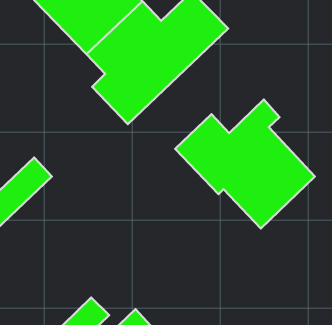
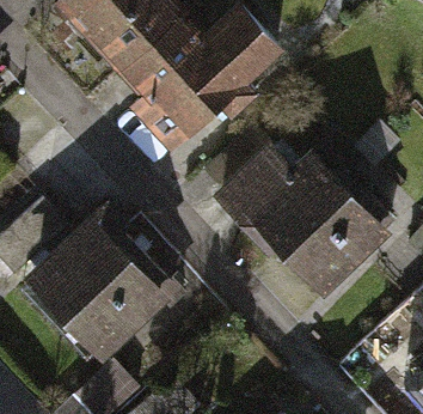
building: none -> [24,223,168,367]

